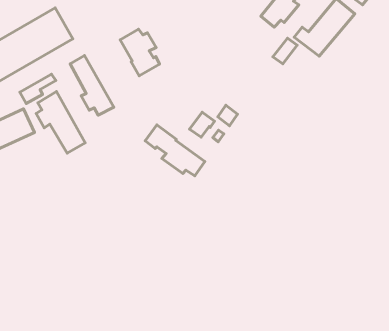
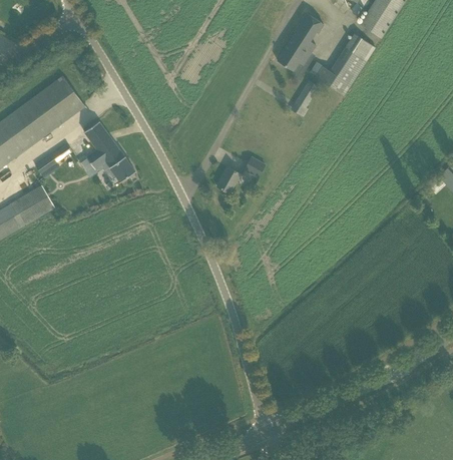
building: [120,29,160,76] -> none
building: [36,92,85,153] -> none
building: [145,125,205,176] -> none

